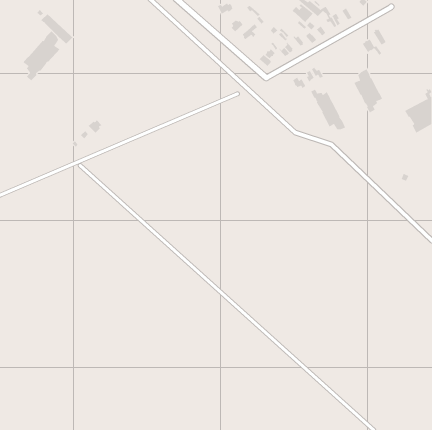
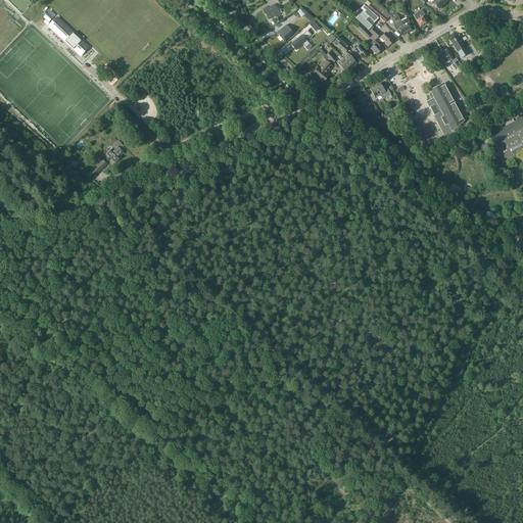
building: [23,30,60,81] -> none
building: [310,89,346,130] -> none

